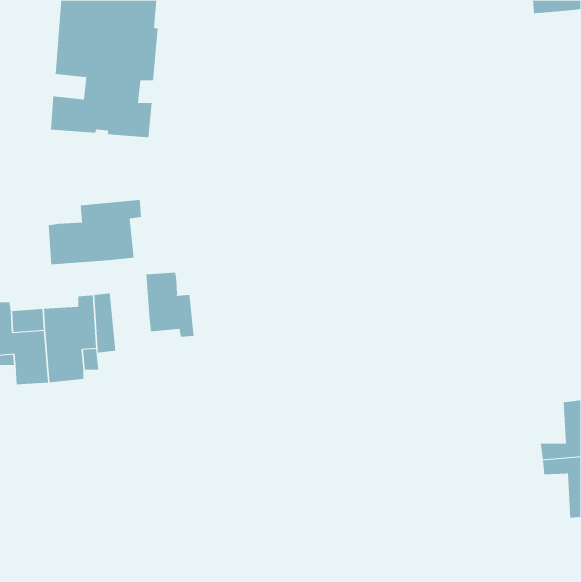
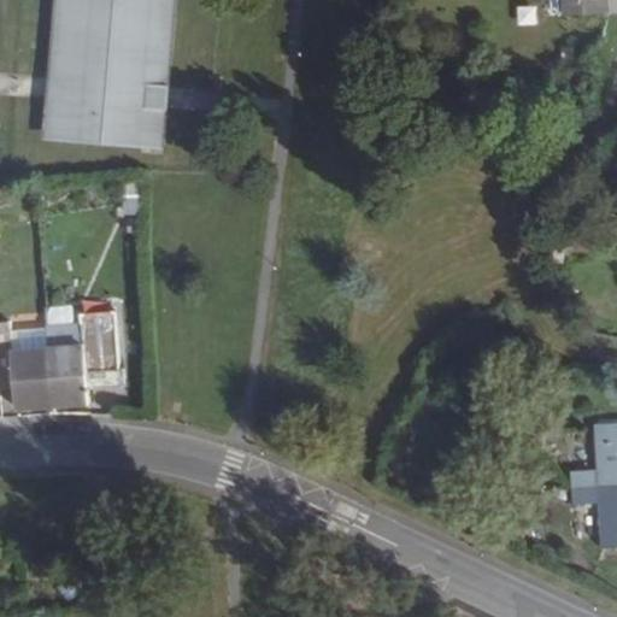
building: [48,199,142,265] -> none
building: [146,272,194,338] -> none

